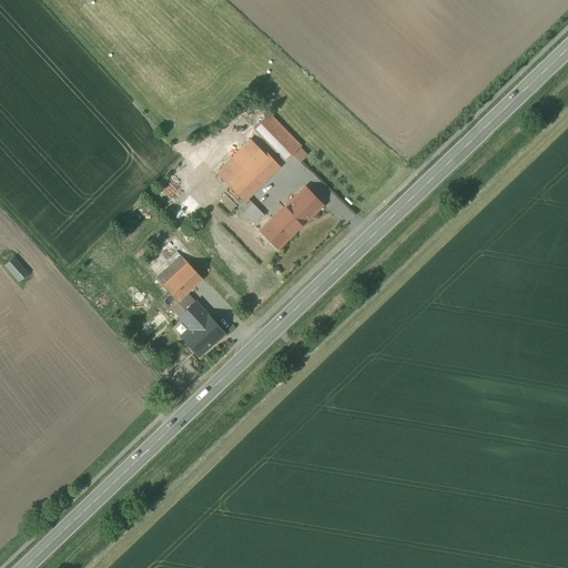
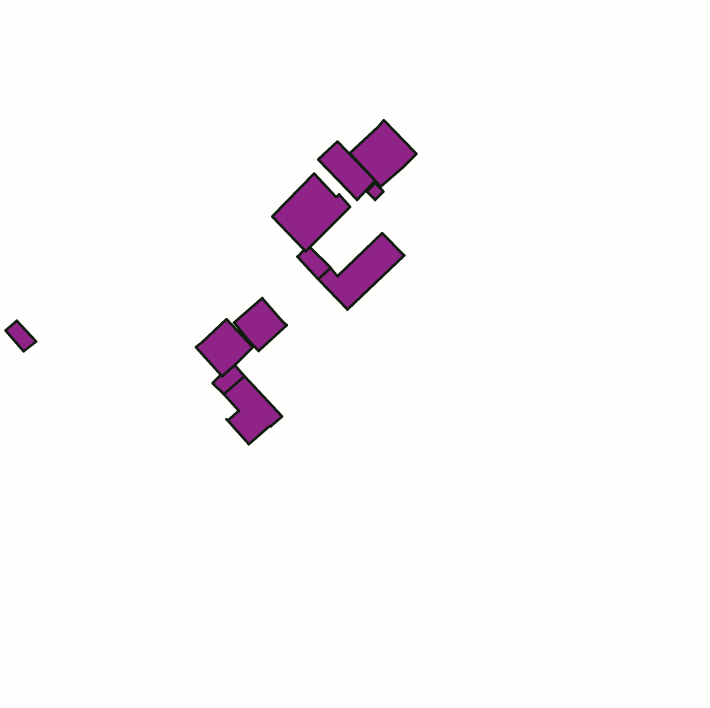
building: none -> [350,120,416,187]
building: none -> [234,298,287,351]

